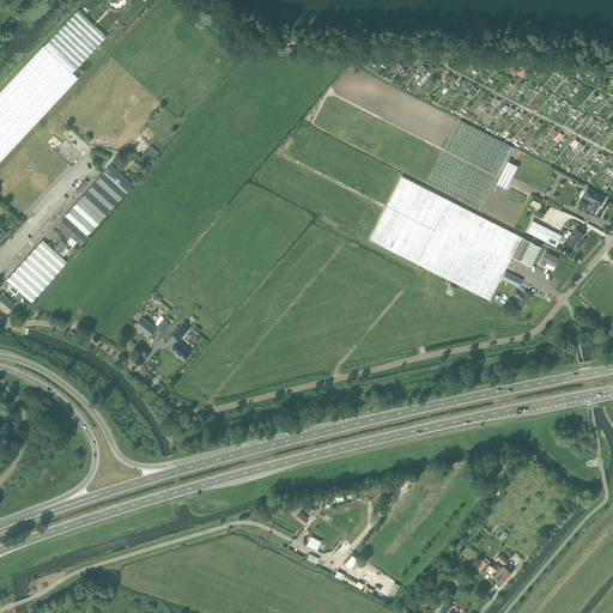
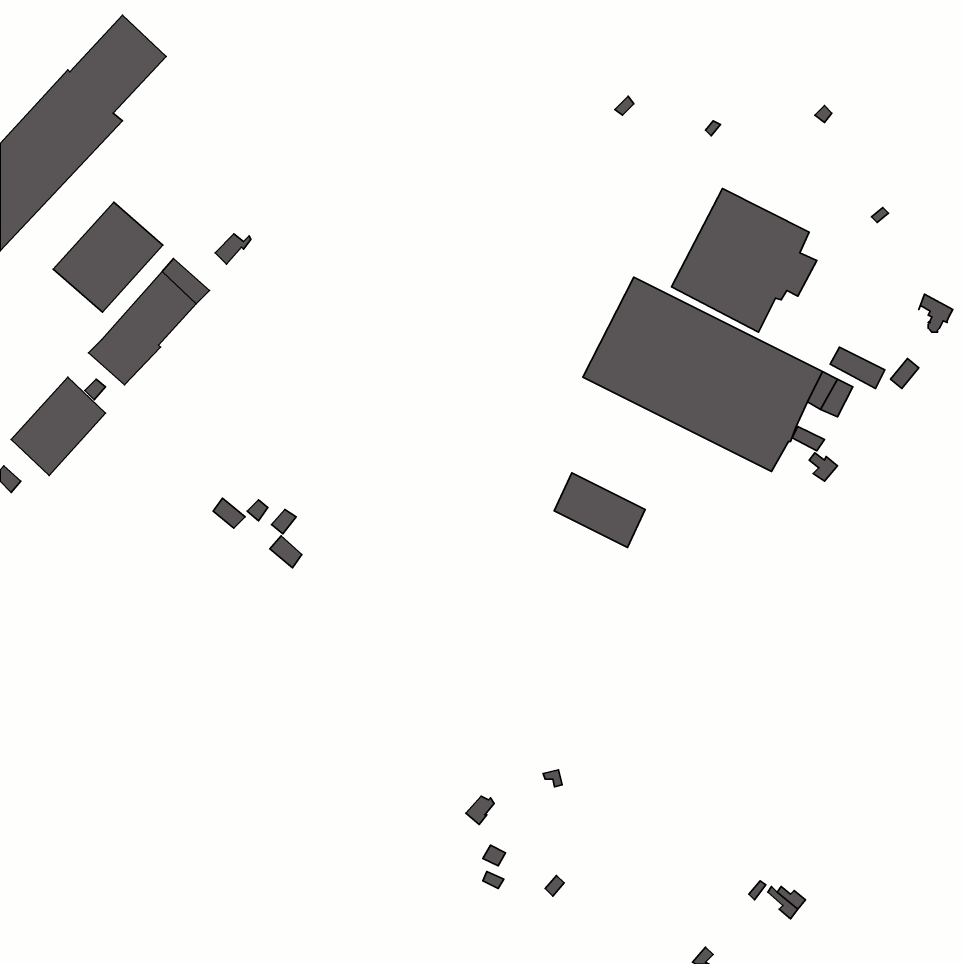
building: none -> [53,202,163,312]
building: none -> [554,473,645,547]

